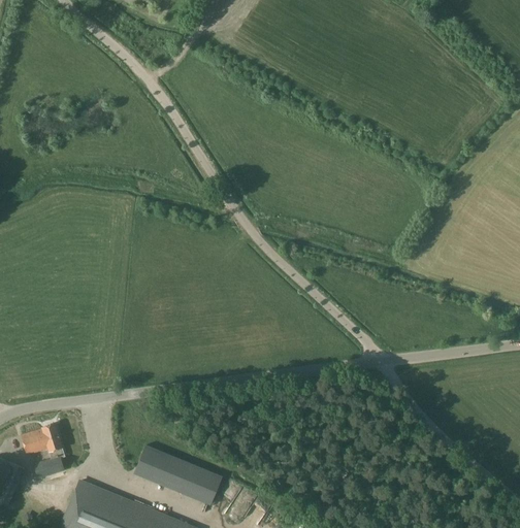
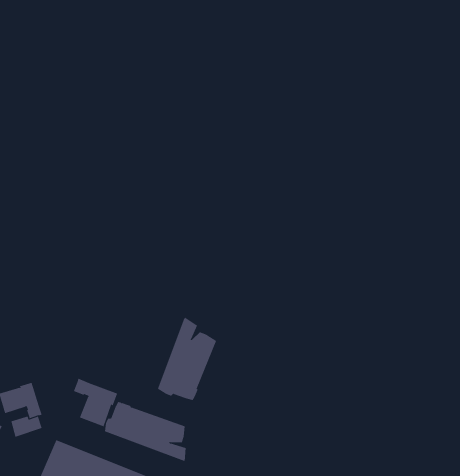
building: none -> [157,317,217,401]
building: none -> [73,378,118,427]

